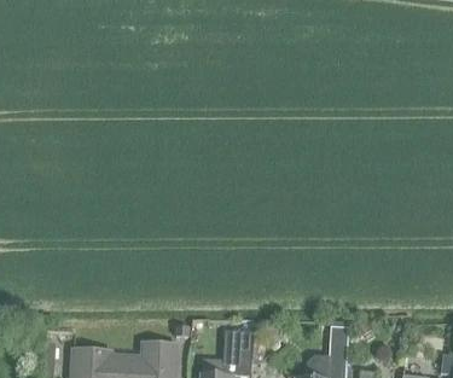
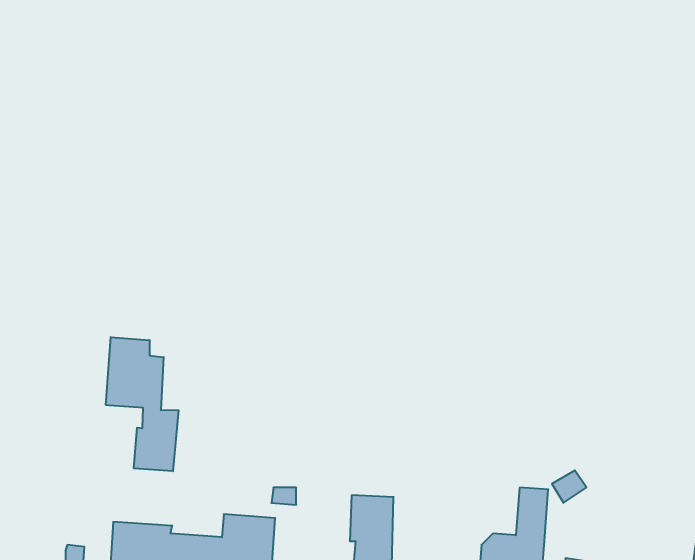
building: none -> [106,337,179,471]

